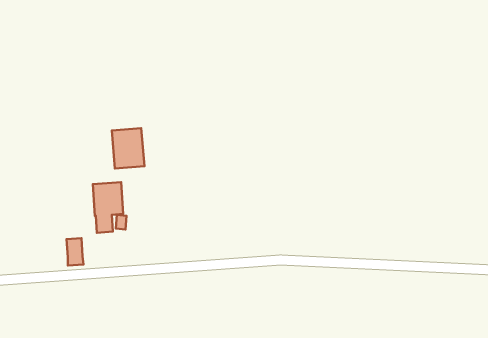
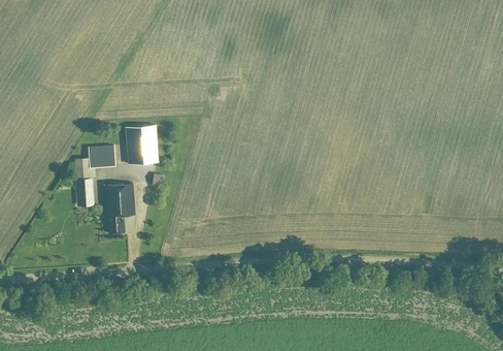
building: none -> [91,145,116,165]
building: [67,238,84,266] -> [77,178,94,204]

